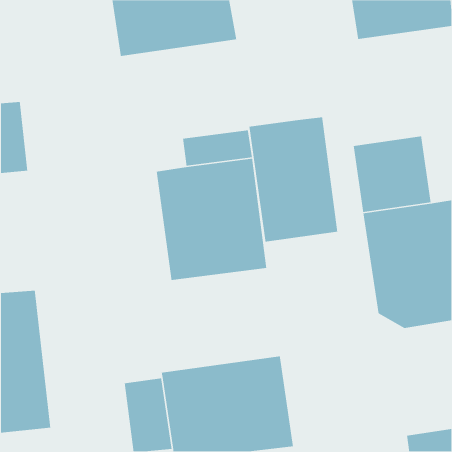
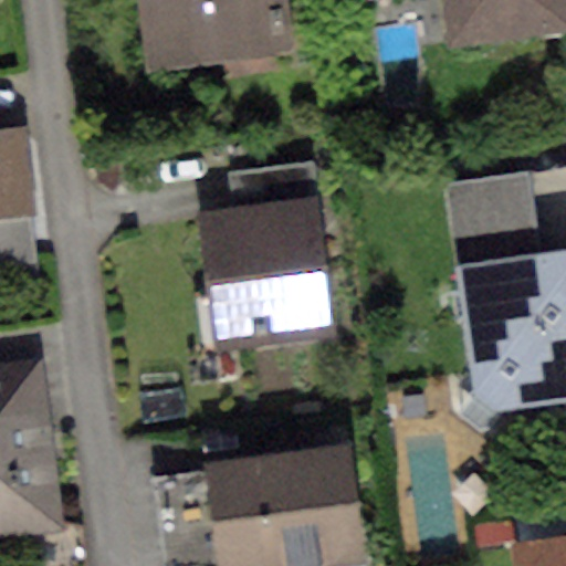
building: [249,116,338,243] -> none

